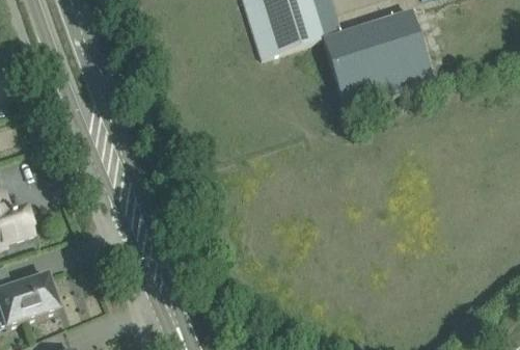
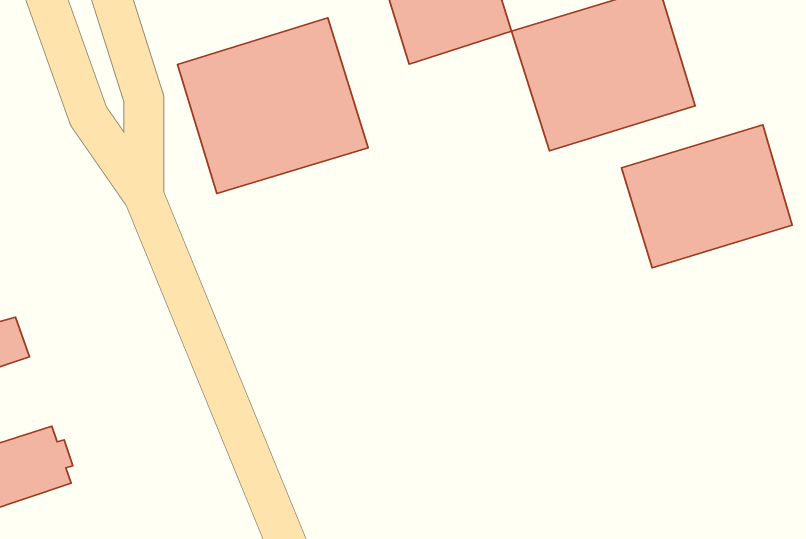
building: none -> [178,18,368,193]
building: none -> [621,125,792,268]

